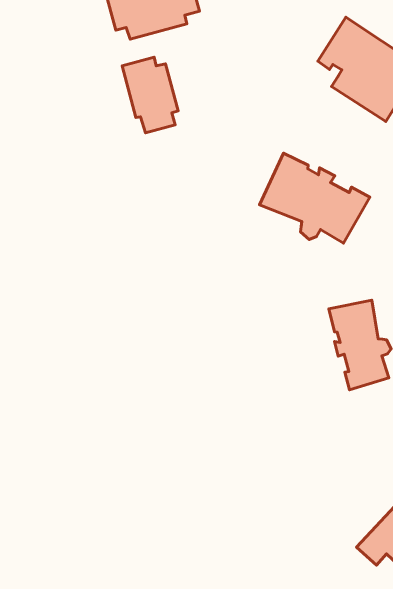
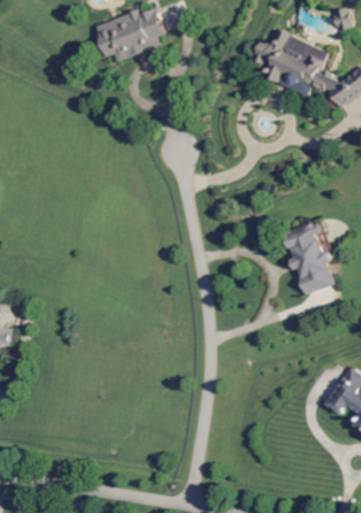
building: [122,57,178,133] -> none
building: [260,153,370,243] -> none

